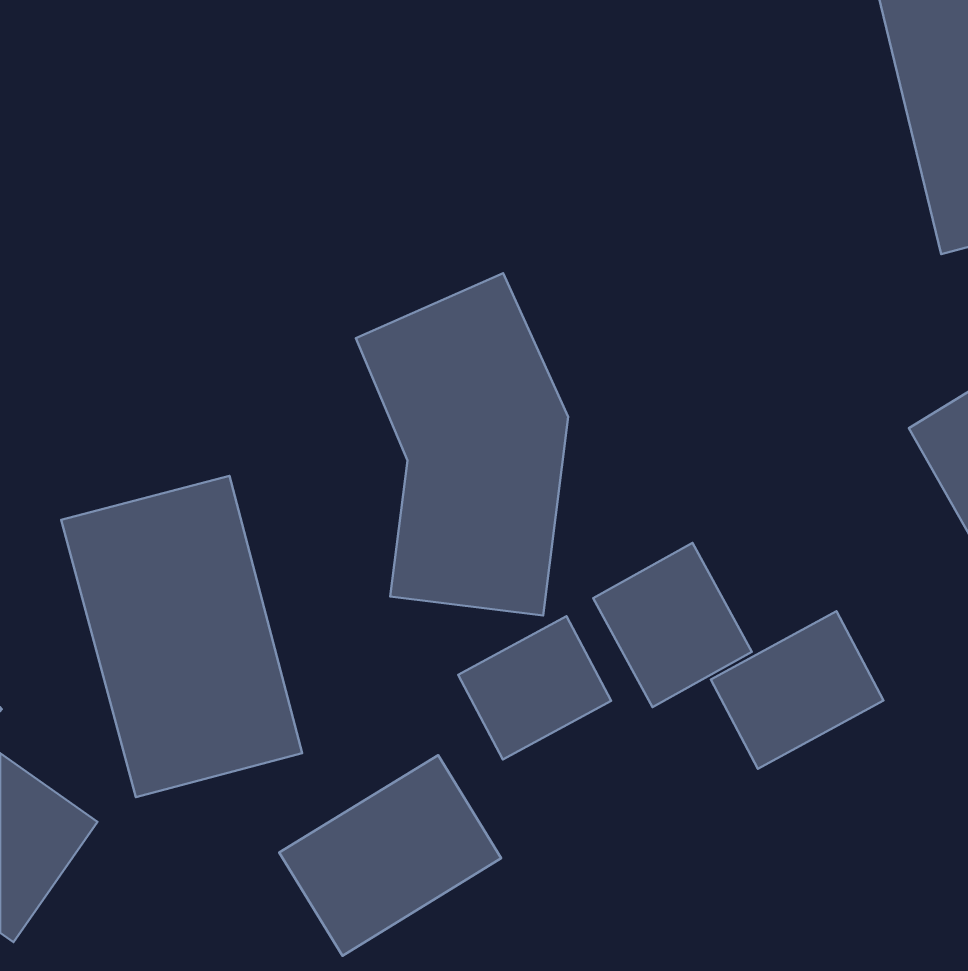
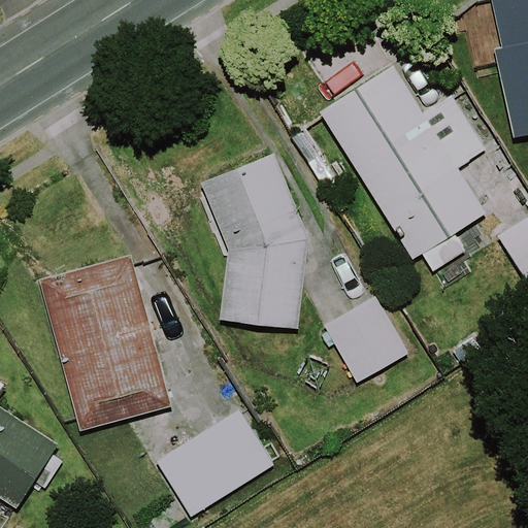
building: none -> [320,65,487,278]
building: [711,611,883,769] -> none
building: [458,616,611,760] -> none

